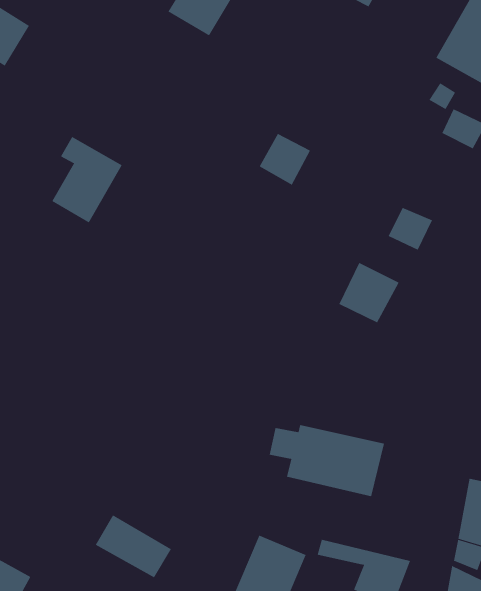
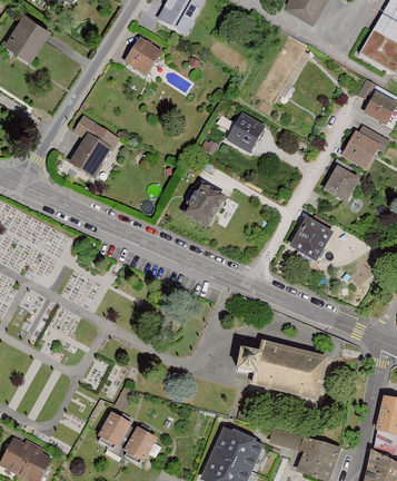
building: none -> [123,39,165,80]
building: none -> [340,124,389,173]
building: none -> [181,181,224,228]

